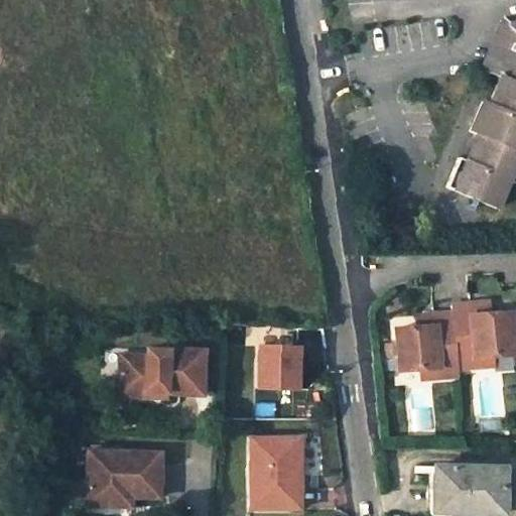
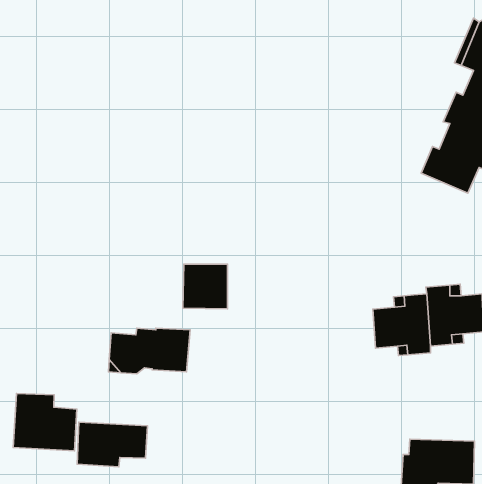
building: [260,342,307,389] -> [183,264,228,309]
building: none -> [13,393,77,451]
building: [253,438,302,508] -> none

